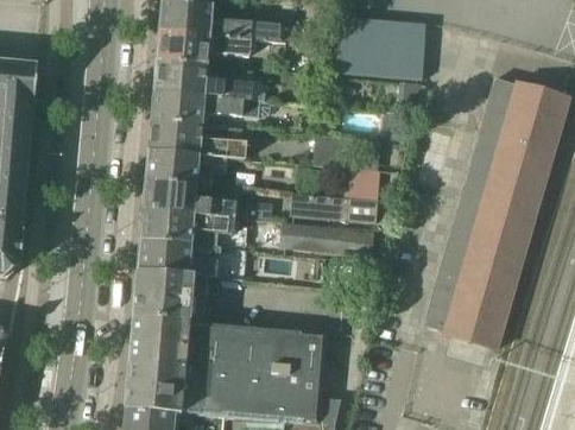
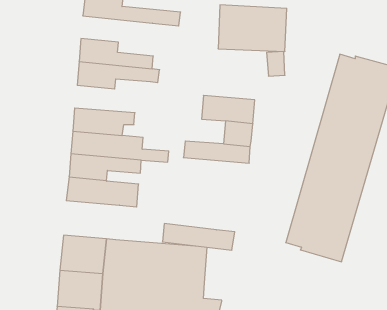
building: [157,30,254,64] -> none
building: [149,120,245,158] -> none
building: [279,221,373,255] -> [162,224,235,250]
building: [134,270,207,321] -> none

